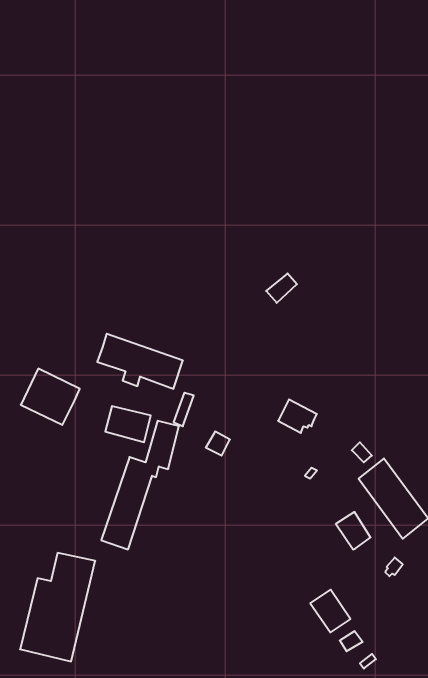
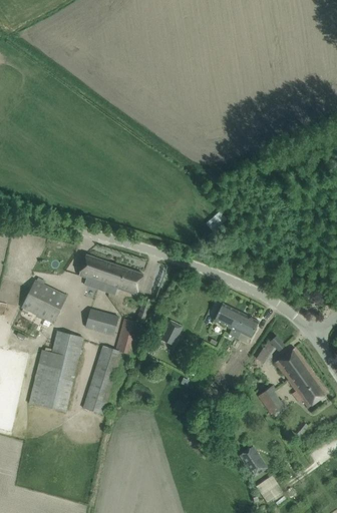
building: none -> [229,314,259,343]
building: [20,553,95,661] -> [28,331,84,412]

